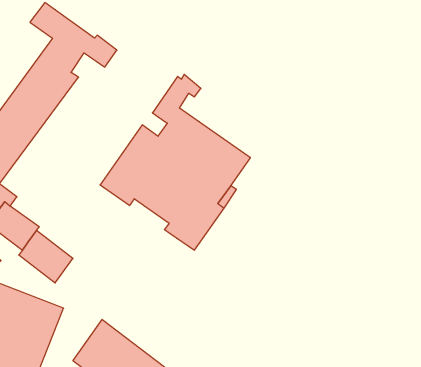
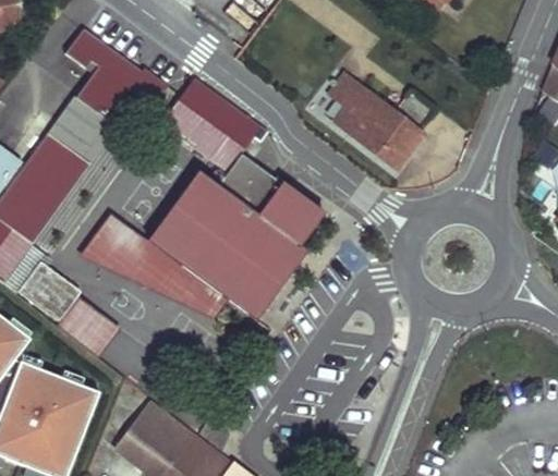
building: none -> [160,75,241,159]
building: none -> [331,75,428,170]
building: none -> [78,216,229,319]

